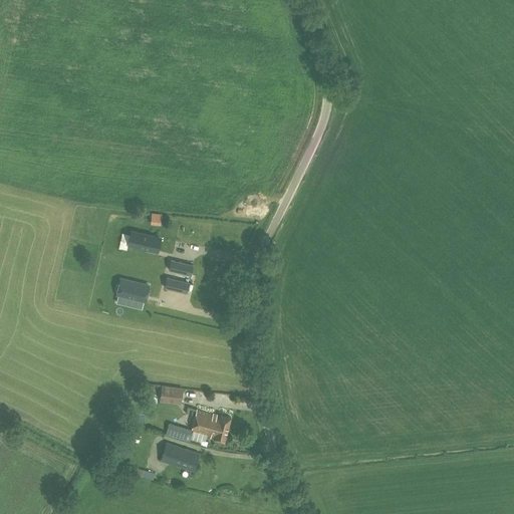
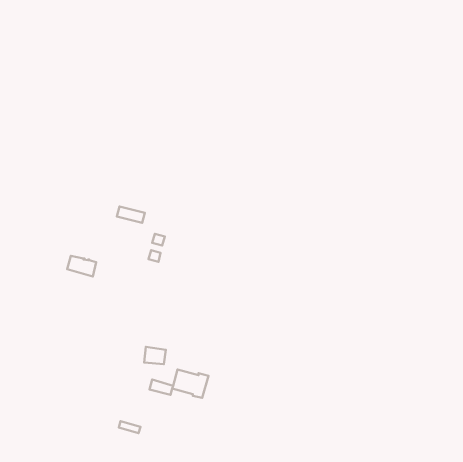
building: [116,276,149,299] -> [67,256,96,277]
building: [161,443,199,472] -> none

